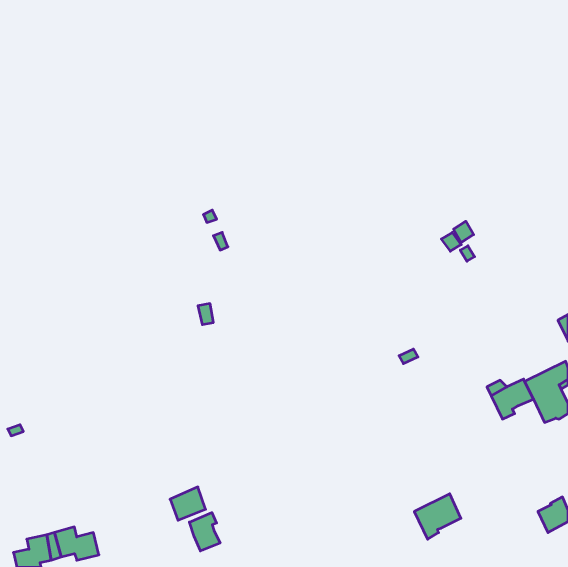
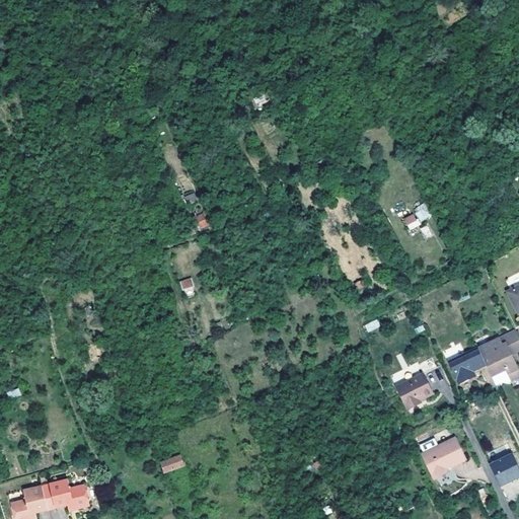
building: none -> [397,373,433,409]
building: [414,494,461,539] -> [423,438,465,479]
building: [189,513,220,551] -> none

